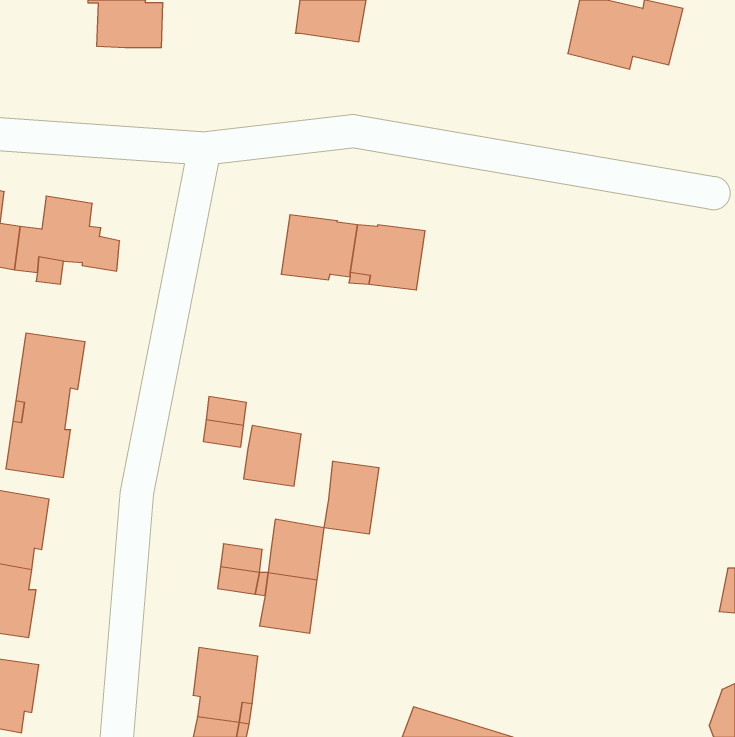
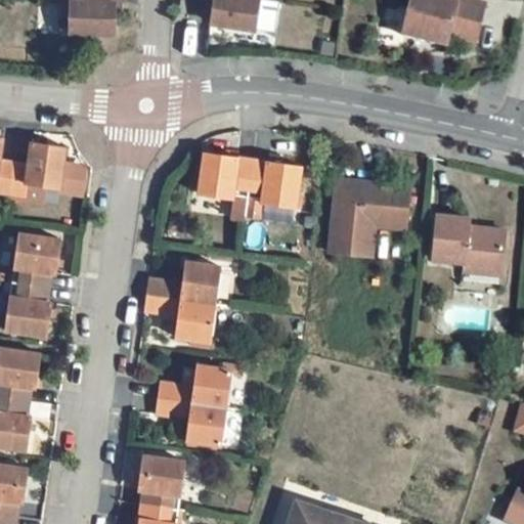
building: none -> [328,179,409,257]
building: none -> [432,216,505,274]
building: none -> [179,265,219,308]
building: [324,461,379,534] -> none

